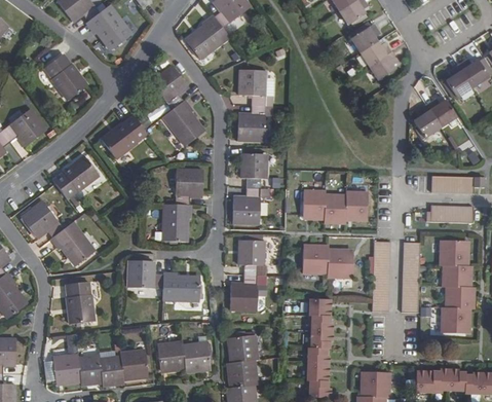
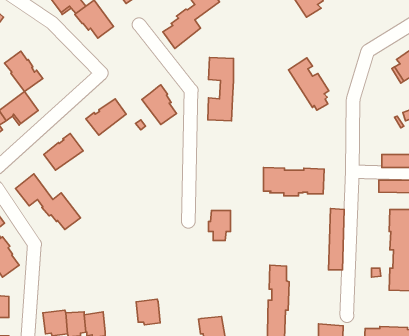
building: [351,25,396,83] -> [289,58,329,110]
building: [45,52,88,98] -> [4,51,43,91]
building: [152,65,187,109] -> none
building: [413,98,456,136] -> none
building: [232,153,270,223] -> none
building: [163,169,202,239] -> none
building: [401,240,418,308] -> none
building: [301,253,351,282] -> none
building: [127,259,198,299] -> none
building: [230,275,257,309] -> none
building: [67,281,93,322] -> none
building: [228,334,257,362] -> none
building: [182,340,210,370] -> none
building: [119,349,147,377] -> none

